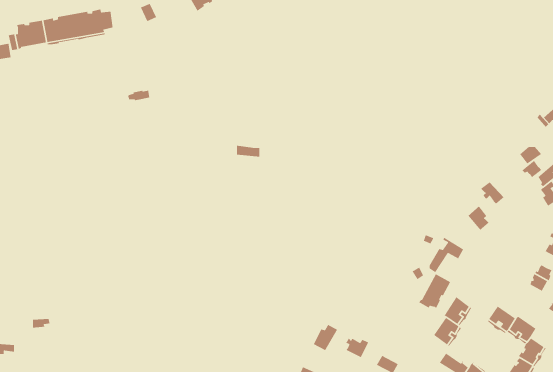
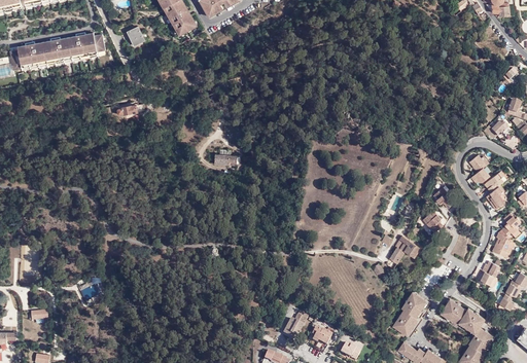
building: [418,273,451,309] -> none

